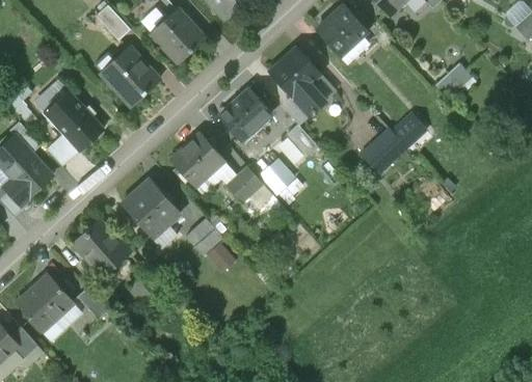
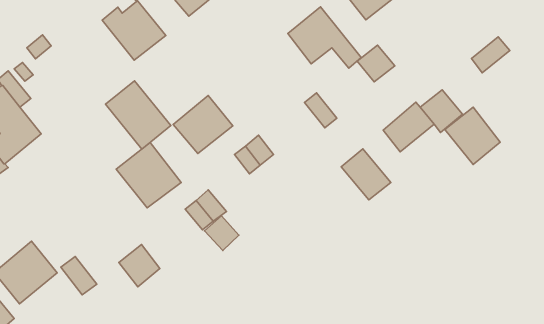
building: [291,83,325,116] -> [357,45,395,82]
building: [218,89,270,140] -> none
building: [43,90,103,152] -> [105,81,171,149]
building: none -> [445,107,500,165]
building: [257,156,302,201] -> [341,149,391,200]
building: [73,220,131,277] -> none

